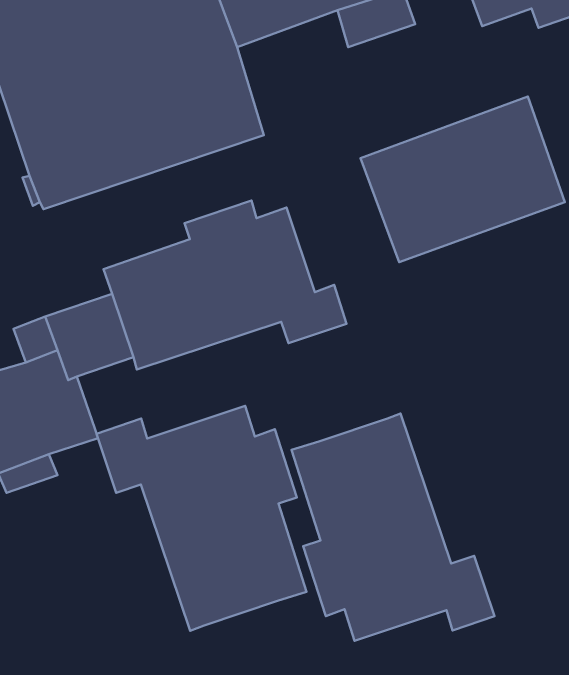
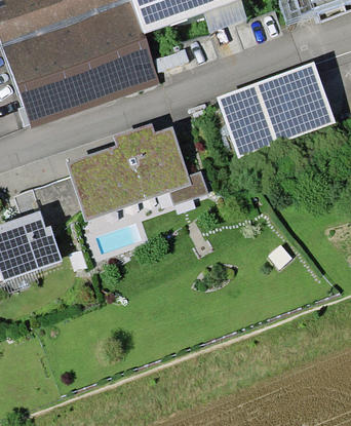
building: [97,406,307,631] -> none
building: [291,414,494,641] -> none

